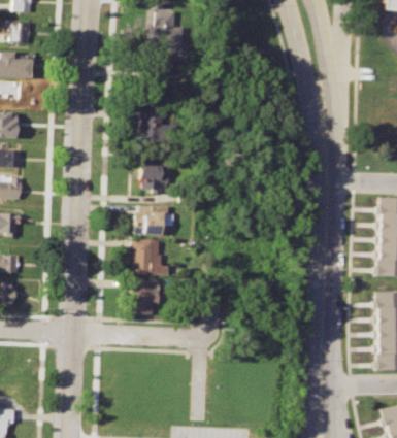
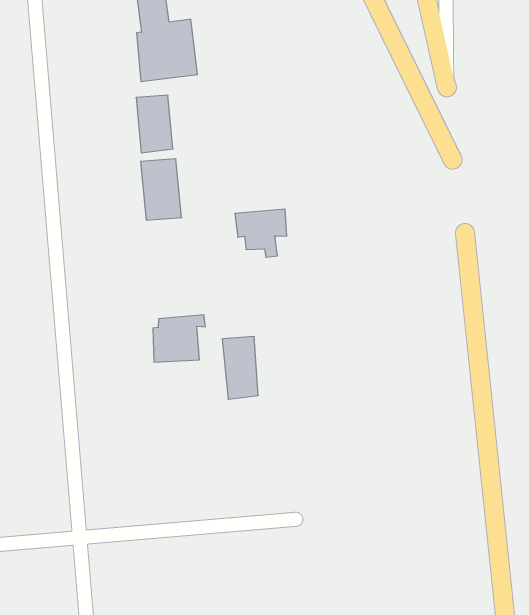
building: [141,165,172,194] -> [235,209,287,257]
building: [136,238,157,275] -> [222,337,258,399]
building: [135,281,161,313] -> none

